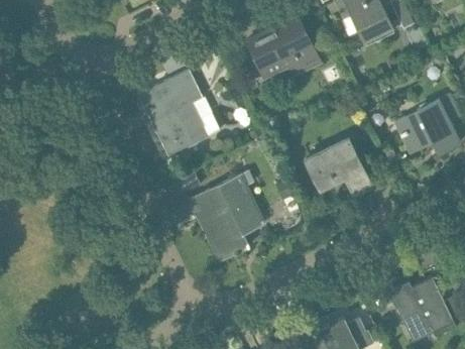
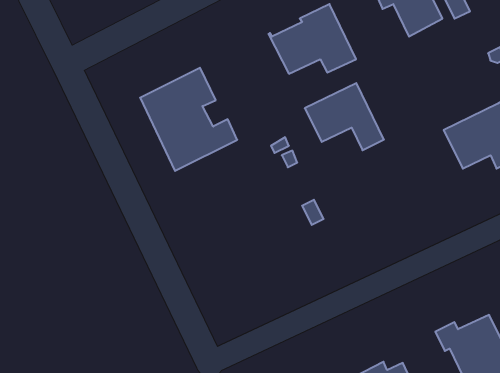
building: [305,138,371,195] -> [305,83,384,150]
building: [190,171,263,260] -> none

